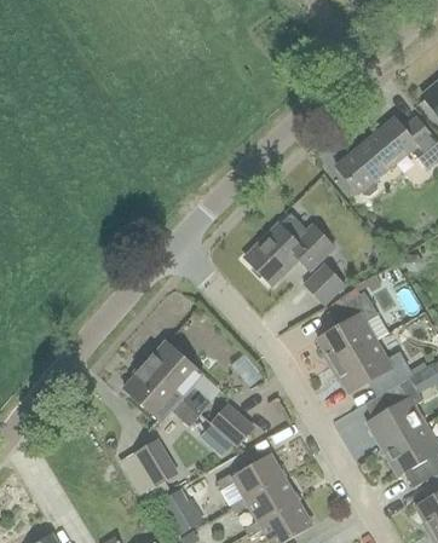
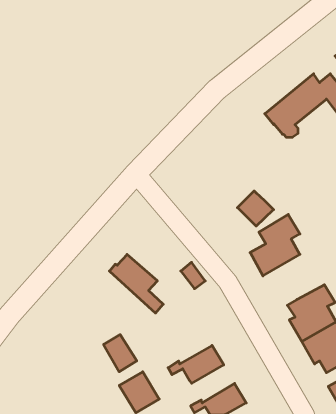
building: [243,214,334,284] -> none
building: [333,340,414,395] -> none
building: [123,360,200,424] -> none
building: [211,404,253,444] -> none
building: [229,476,298,524] -> none

